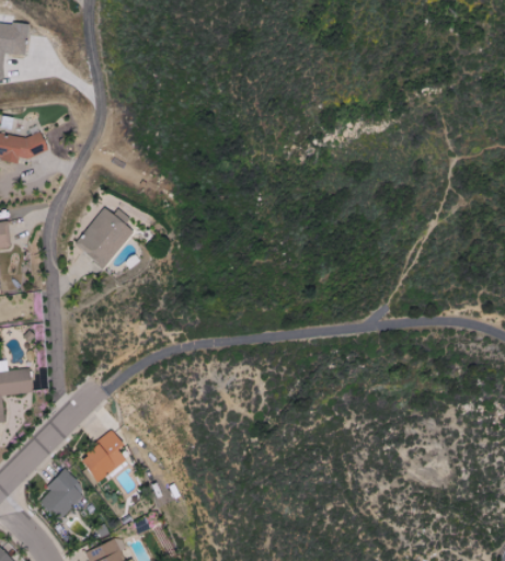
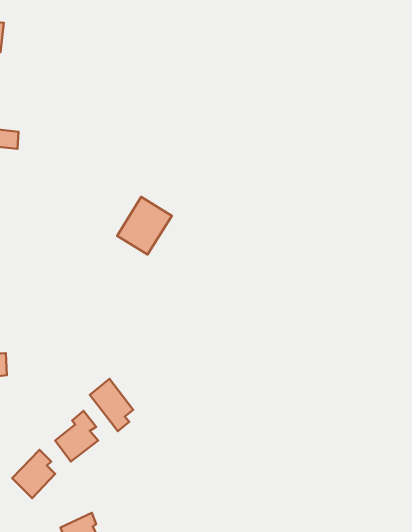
building: [74,208,131,268] -> [117,197,172,255]
building: none -> [90,379,133,431]

